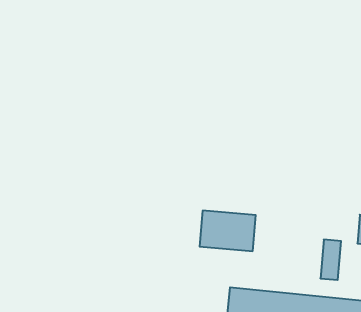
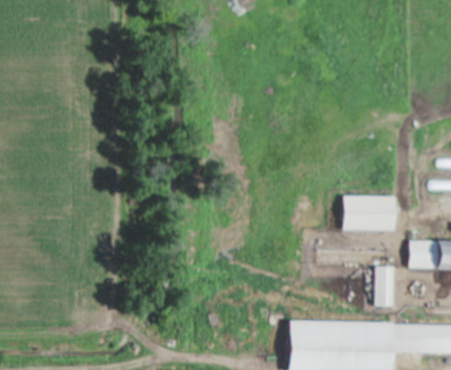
building: [200,211,256,251] -> [343,196,395,231]

